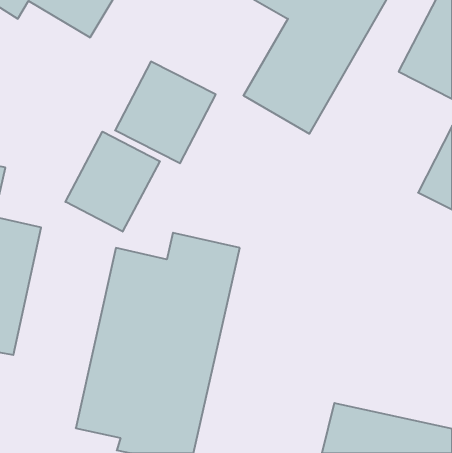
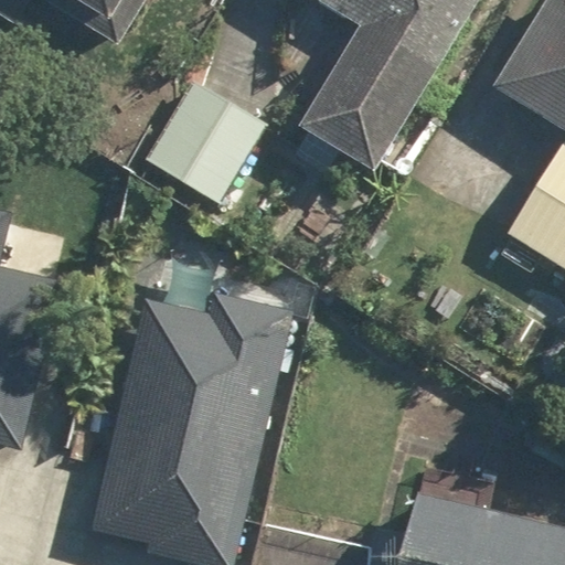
building: [65,132,160,232] -> none

